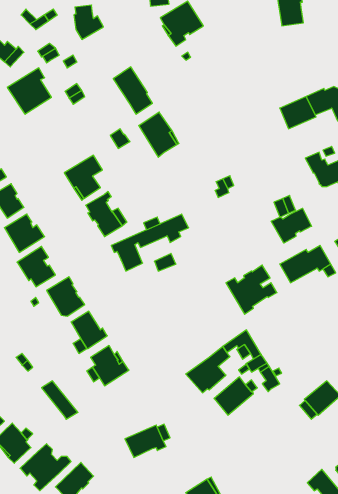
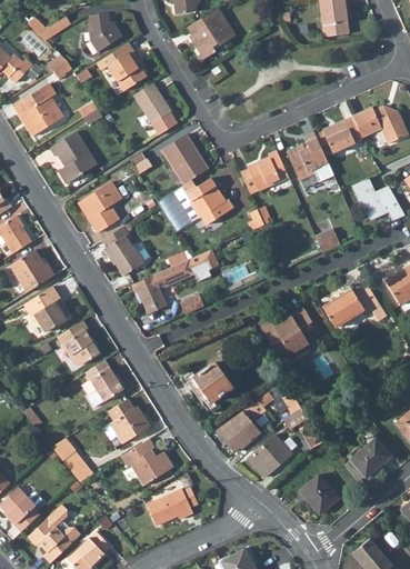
building: none -> [97,42,147,91]
building: none -> [50,131,97,183]
building: none -> [287,132,333,181]
building: none -> [241,150,289,194]
building: none -> [157,178,233,232]
building: [271,208,312,243] -> none
building: none -> [184,362,231,411]
building: none -> [122,438,173,485]
building: none -> [300,475,339,513]

